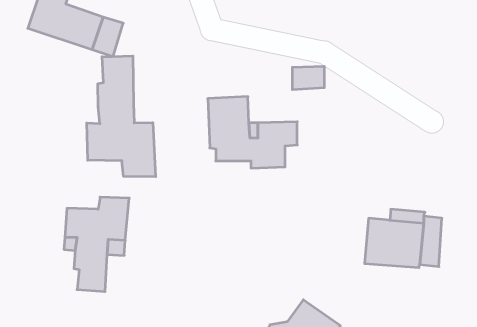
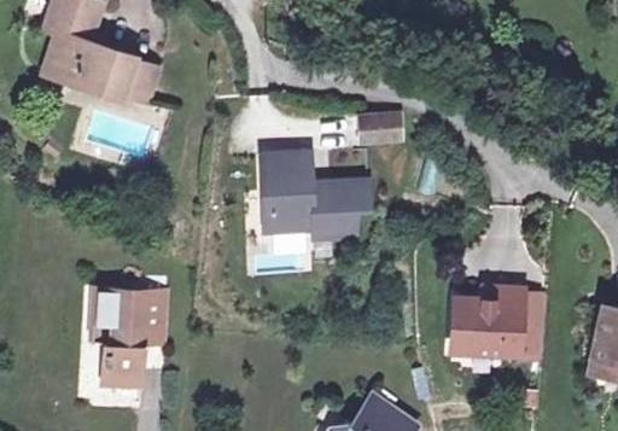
building: [87,56,156,177] -> none

